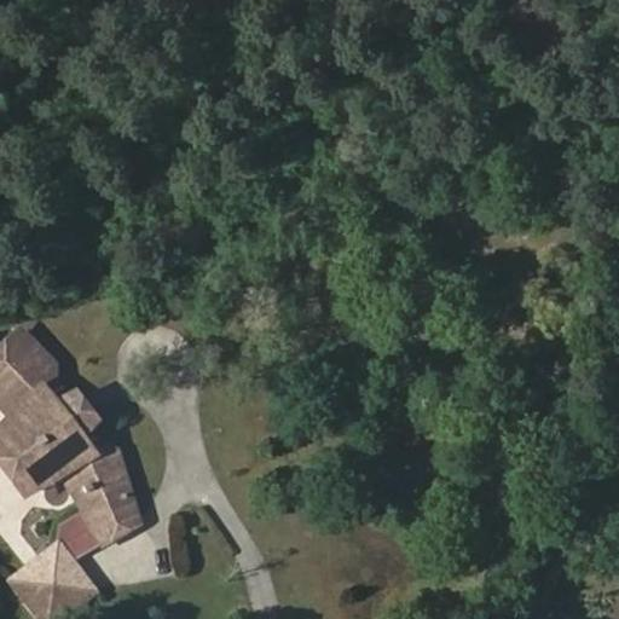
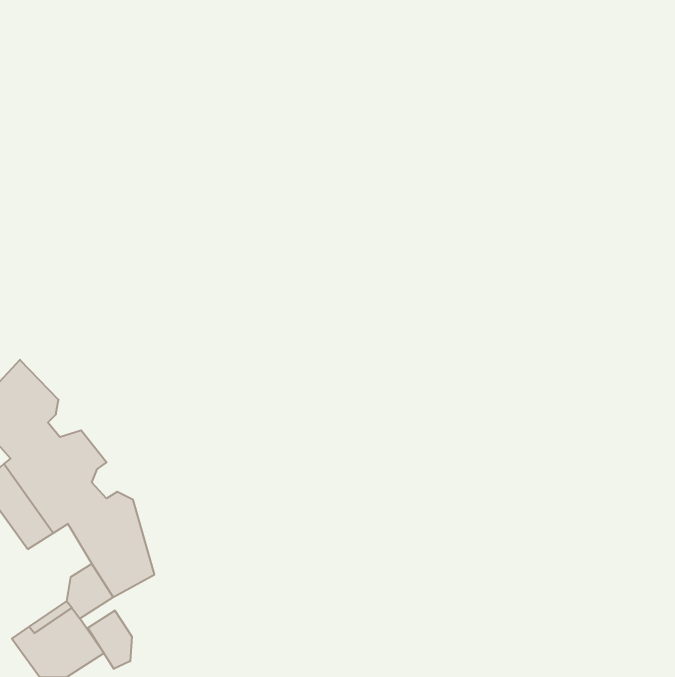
building: none -> [88,610,132,669]

